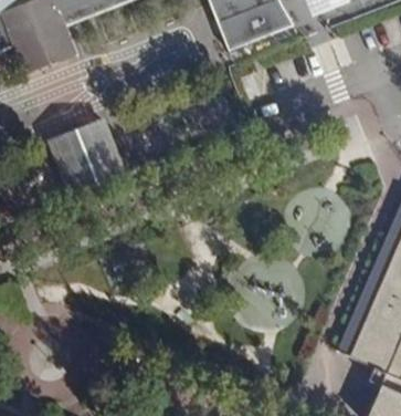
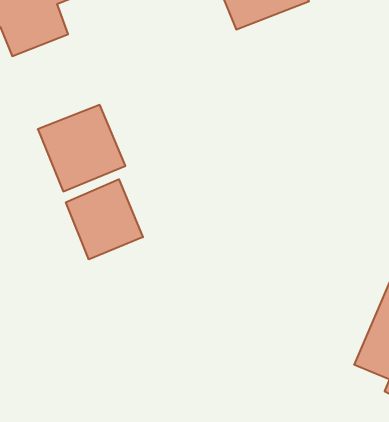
building: none -> [66,179,143,259]

